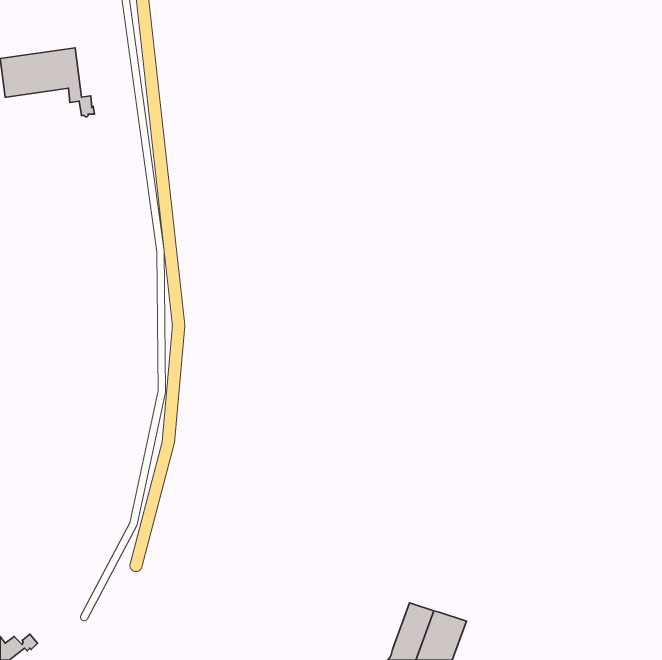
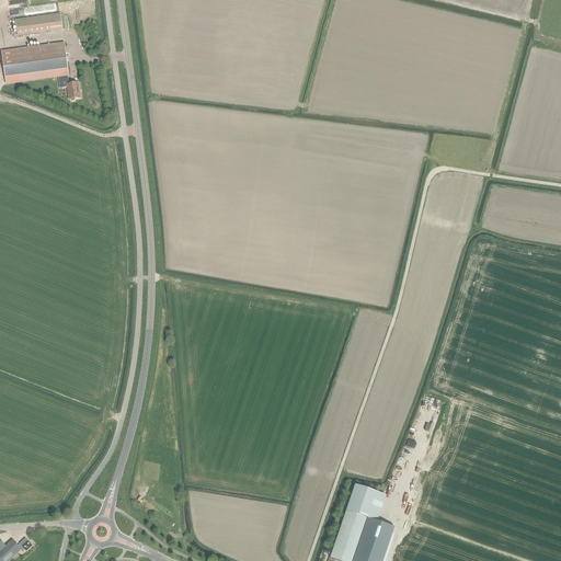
building: none -> [15,12,62,34]
building: none -> [346,483,380,517]

